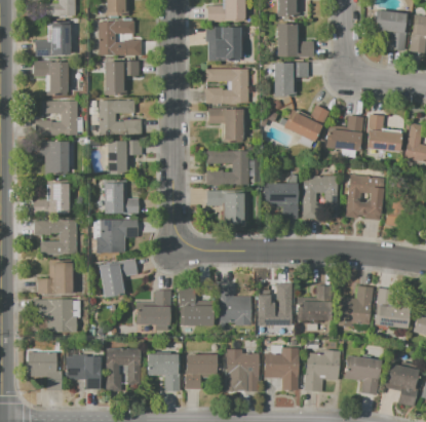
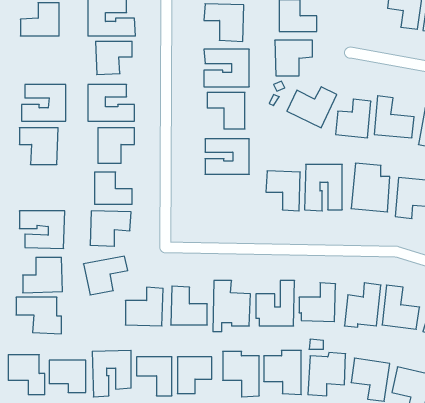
building: [34,61,70,95] -> none
building: [36,183,72,215] -> none
building: [207,191,241,224] -> none

